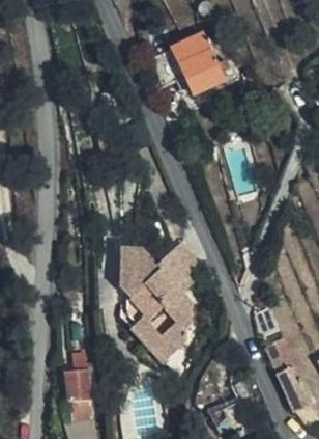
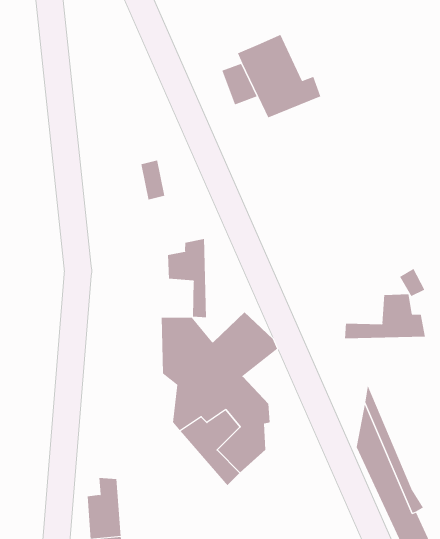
building: none -> [167,238,207,318]
building: none -> [344,294,426,339]

